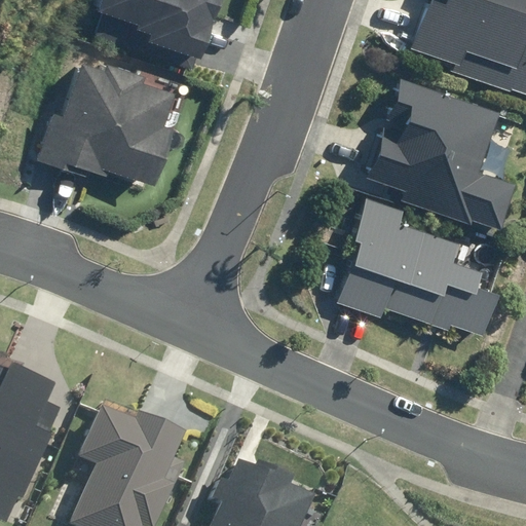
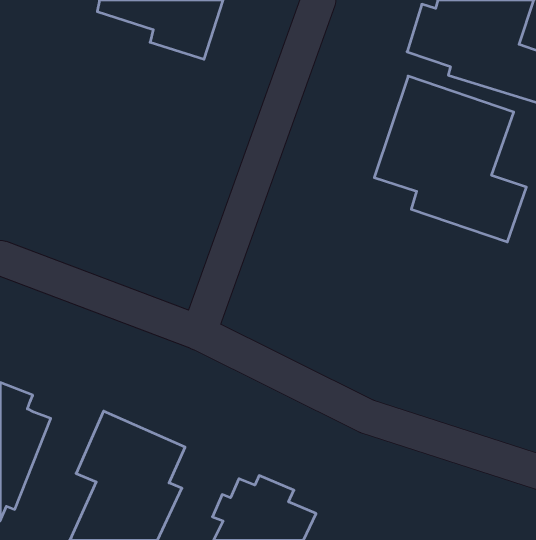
building: [36,61,177,181] -> none
building: [338,194,500,332] -> none

